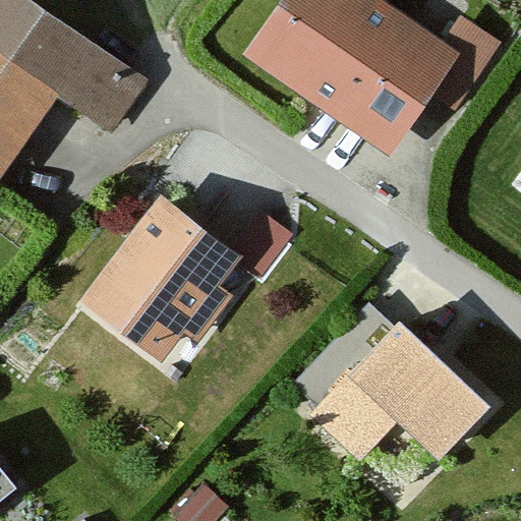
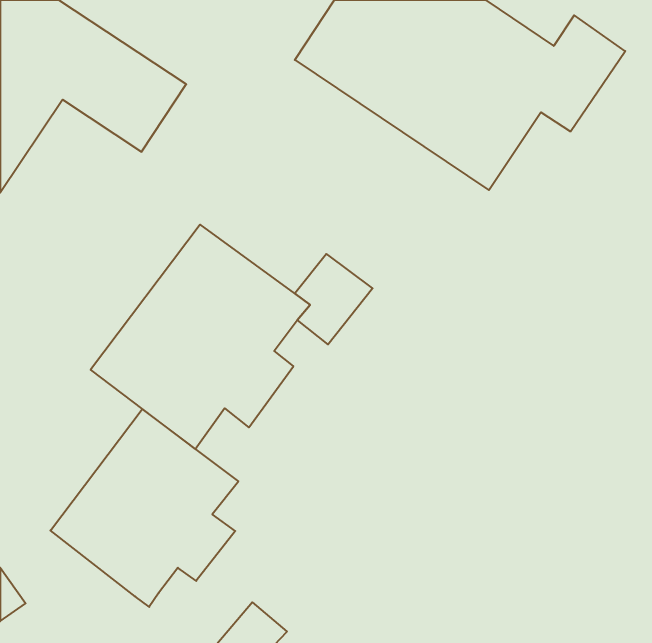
building: [301,306,493,462] -> none
building: none -> [50,409,238,607]

